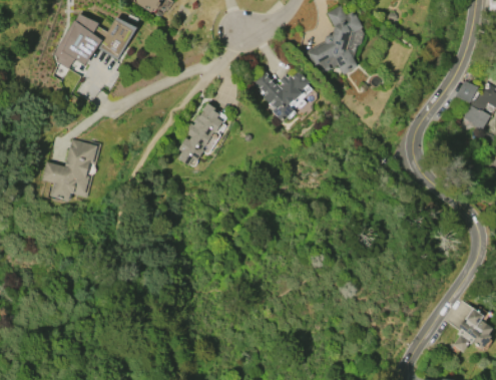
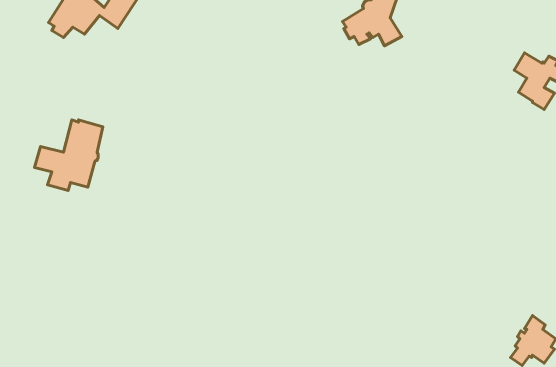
building: [250,68,313,121] -> none
building: [178,102,224,164] -> none

